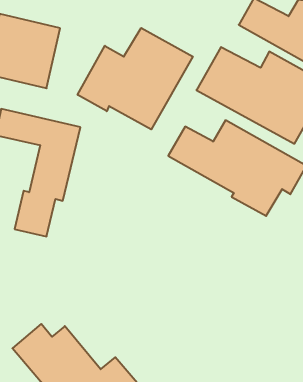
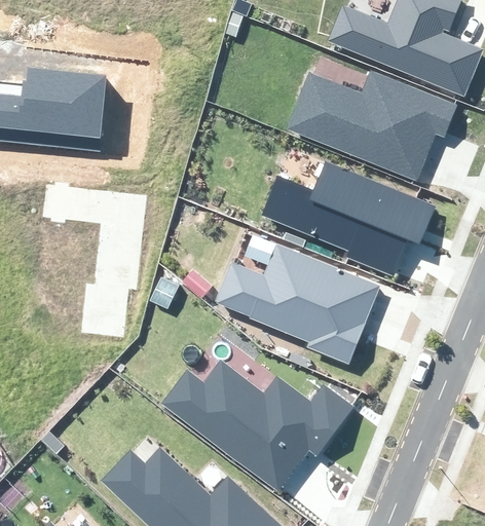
building: [78,28,193,129] -> none
building: none -> [216,243,381,365]
building: none -> [162,360,353,490]

